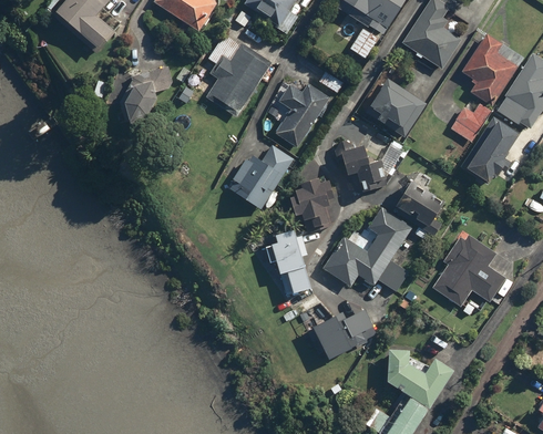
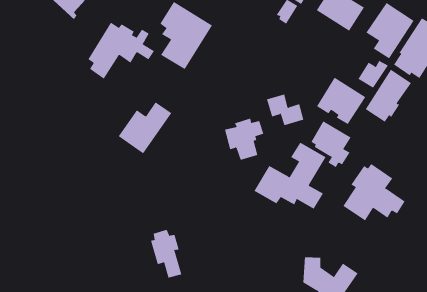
building: [366,78,428,137] -> [316,77,366,125]
building: [275,82,329,146] -> none
building: [227,144,295,209] -> [118,102,172,154]
building: [269,230,309,291] -> [150,229,182,278]
building: [306,309,373,360] -> none

